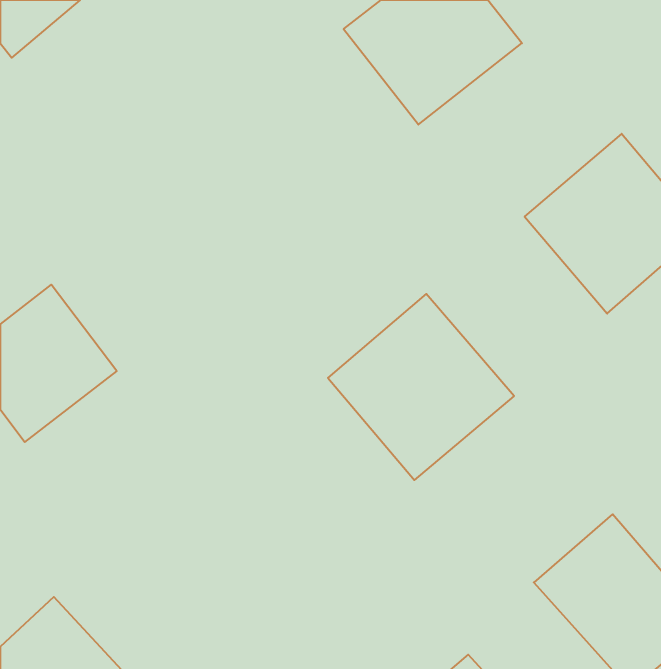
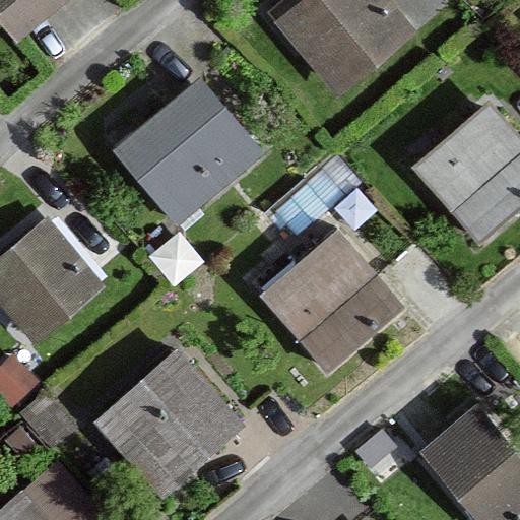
building: none -> [113,74,264,223]
building: none -> [95,349,243,496]

